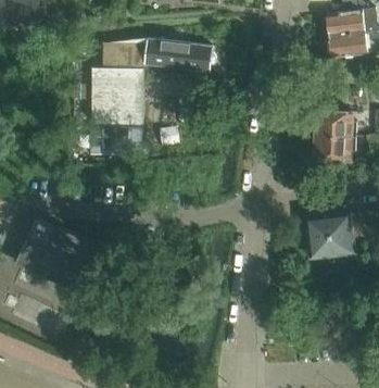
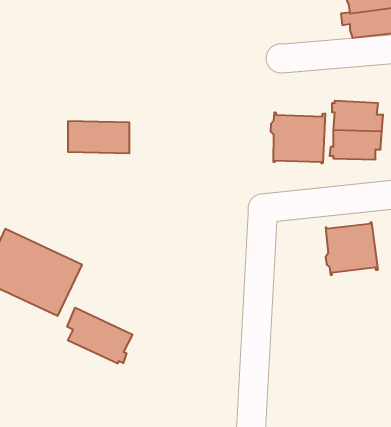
building: [91,37,216,125] -> none
building: none -> [271,112,325,163]
building: none -> [67,308,132,364]

